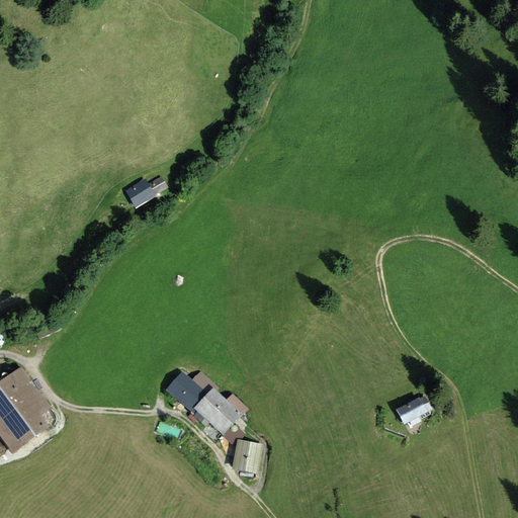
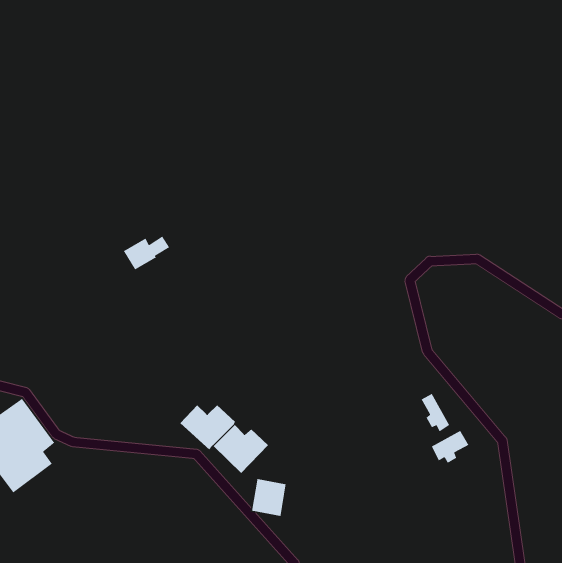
building: [123,176,167,208] -> [123,235,170,271]
building: none -> [420,393,450,432]

